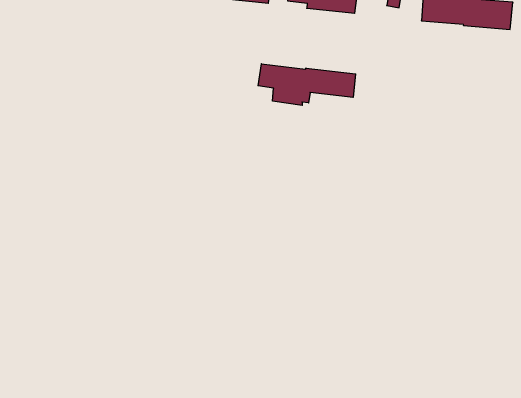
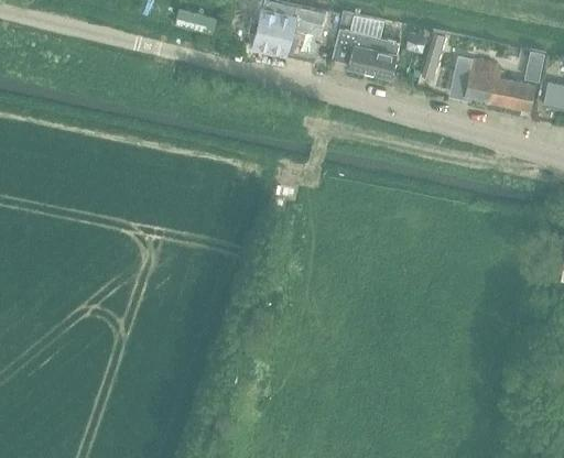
building: [258,64,356,105] -> none

